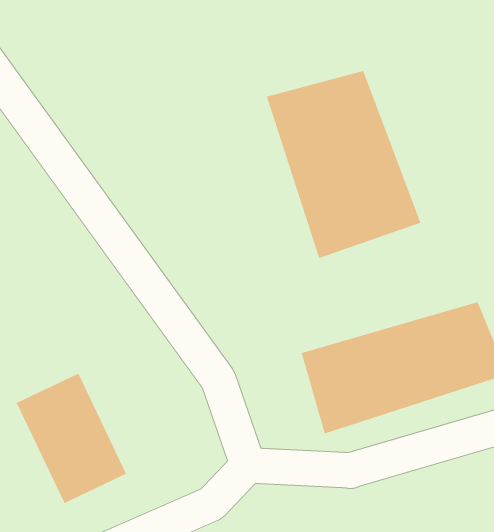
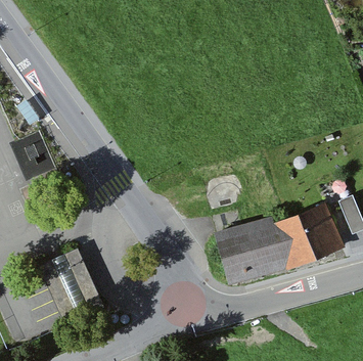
building: [266,70,421,259] -> none

